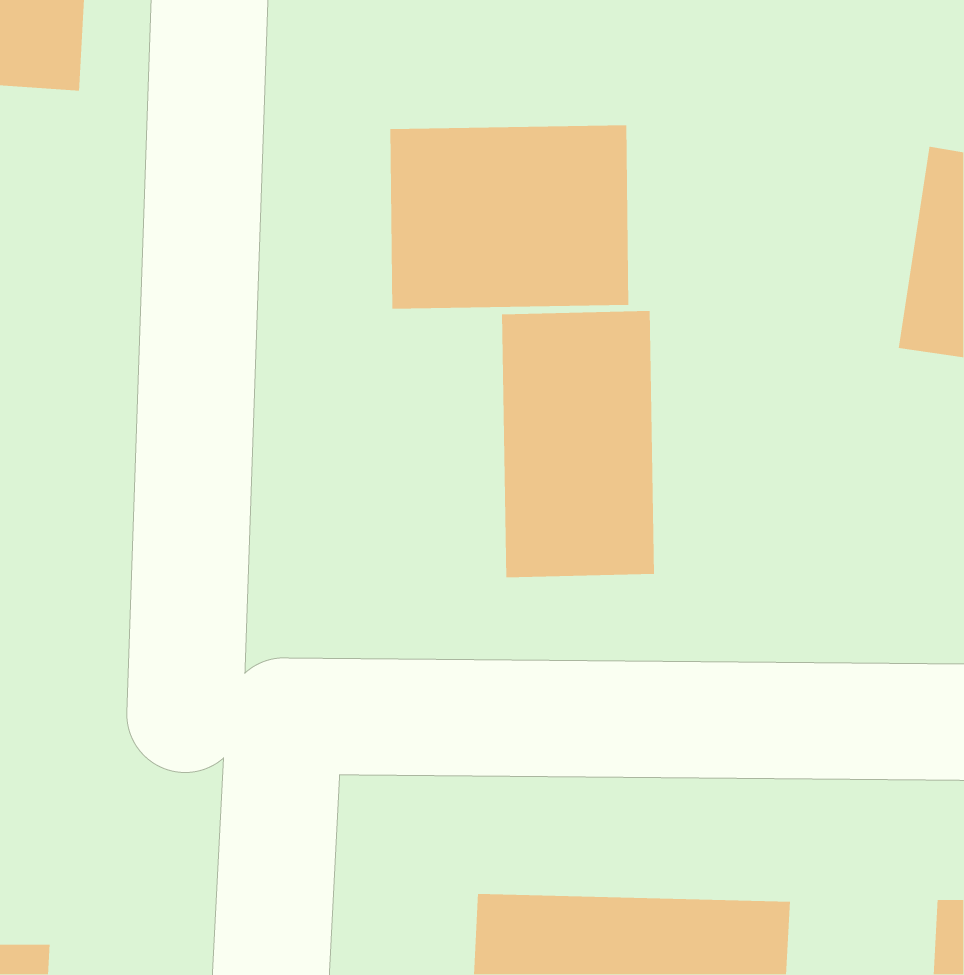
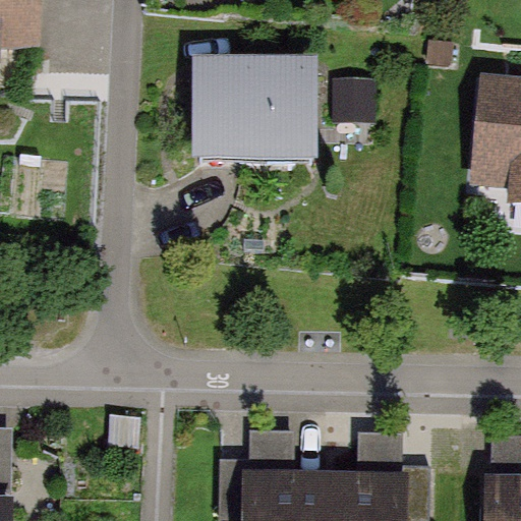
building: [501,310,655,578] -> none

